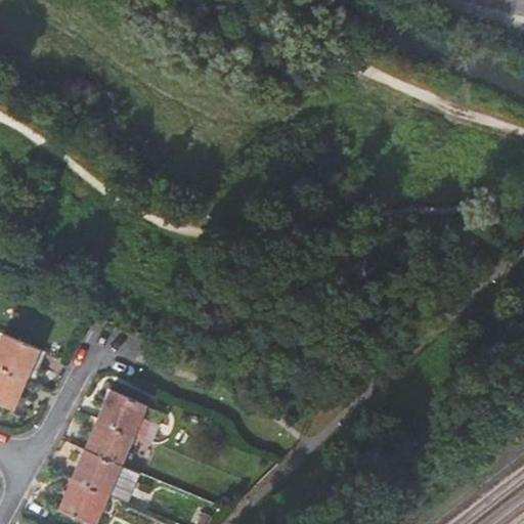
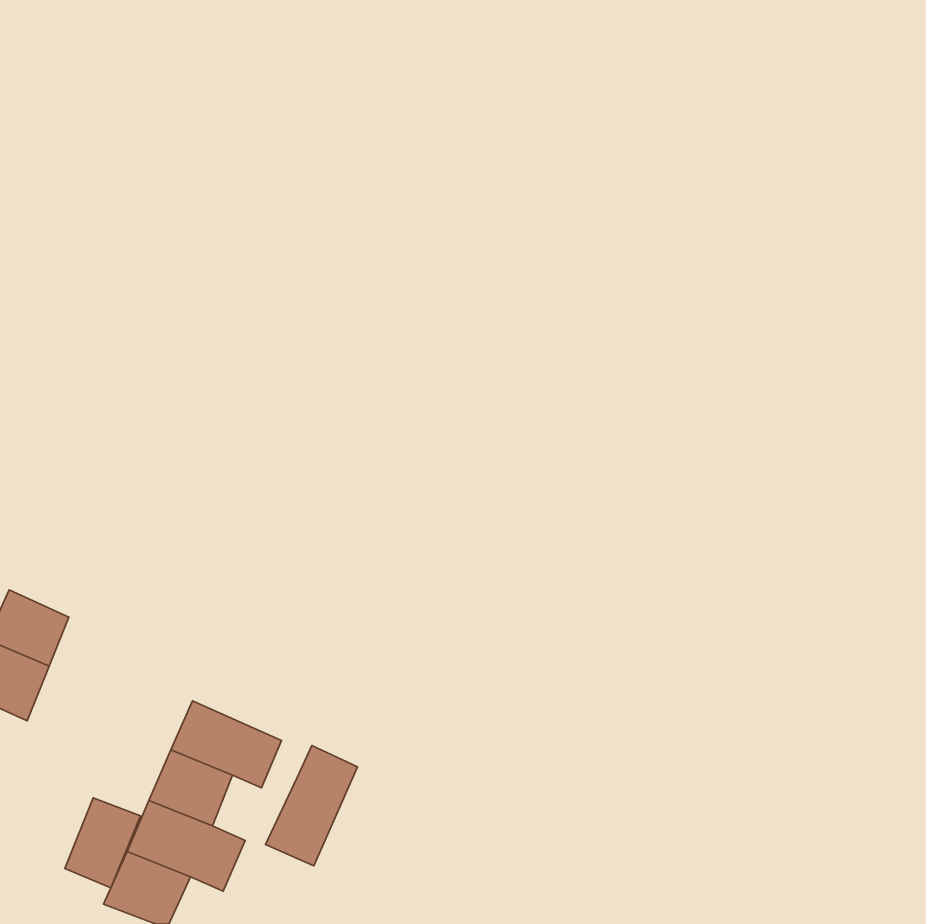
building: none -> [266,745,357,866]
building: none -> [65,798,141,888]

